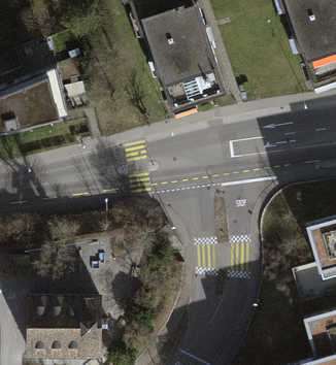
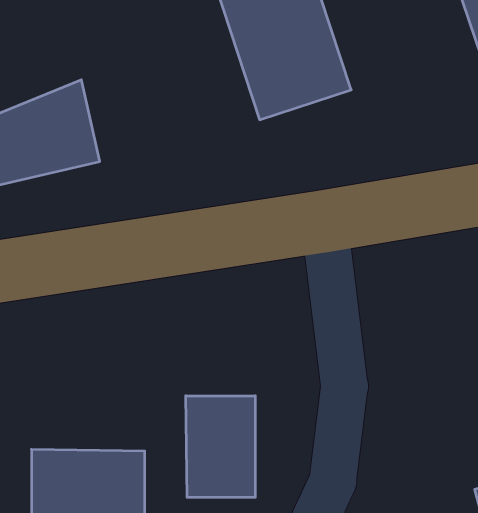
building: none -> [186,396,255,497]

